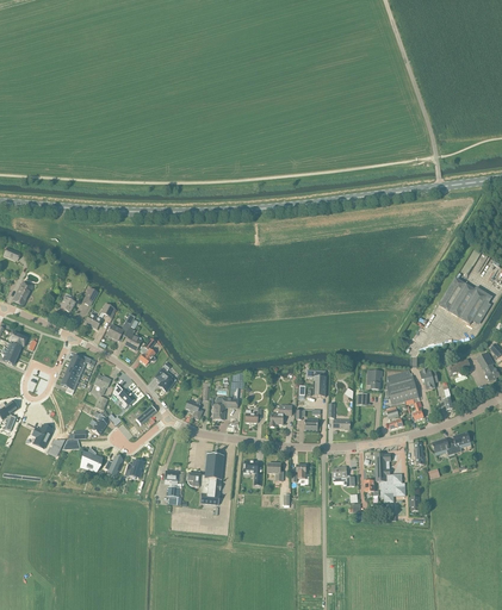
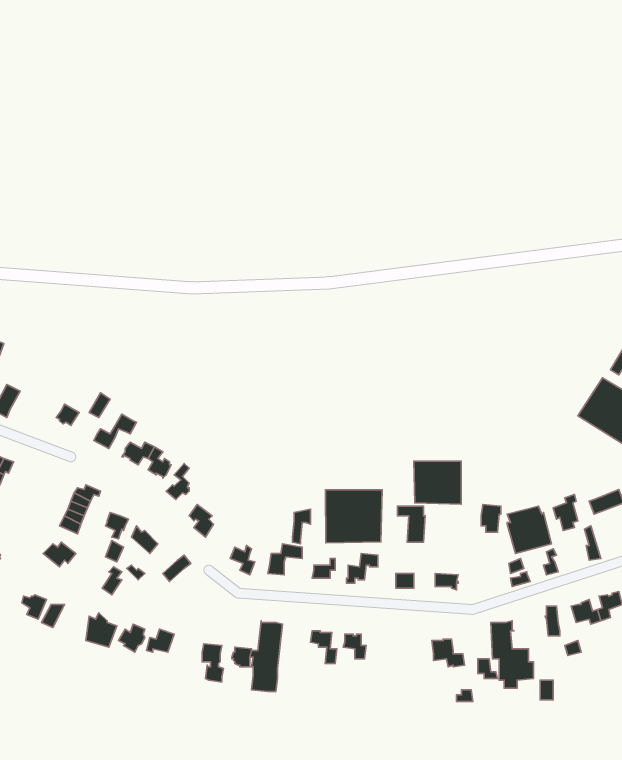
building: none -> [414,461,461,504]
building: none -> [326,490,382,543]

